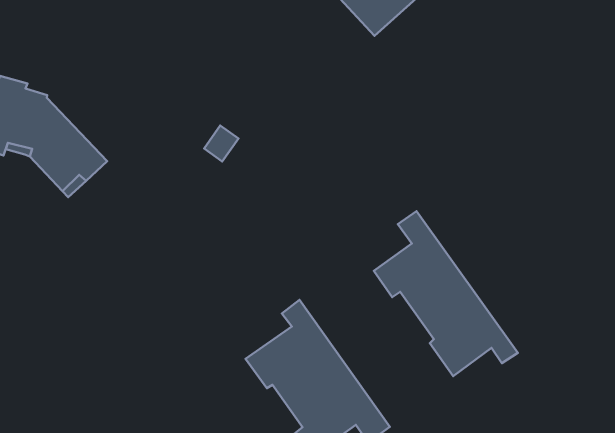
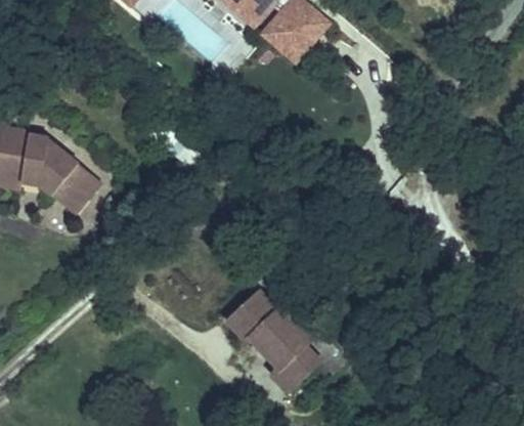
building: [374,211,518,376] -> none

